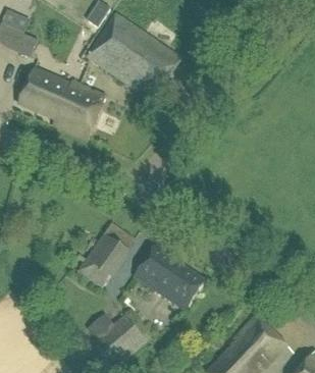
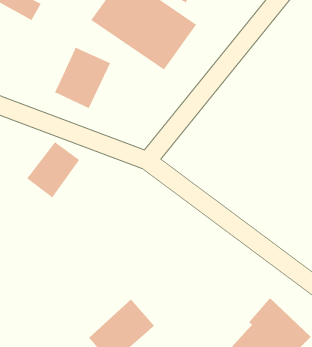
building: [18,67,70,119] -> none
building: [78,234,128,287] -> [26,141,80,198]
building: [136,242,205,308] -> none

